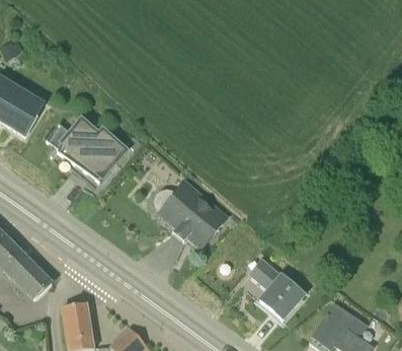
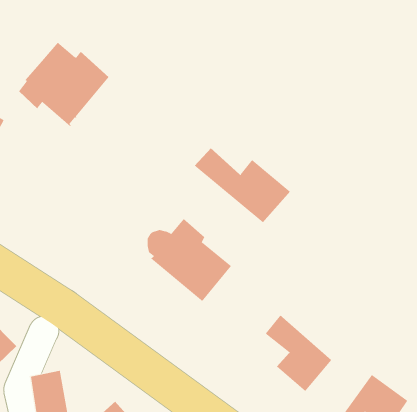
building: [52,119,125,187] -> [18,42,110,127]
building: none -> [194,148,291,223]

